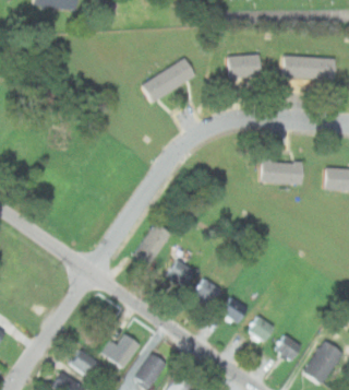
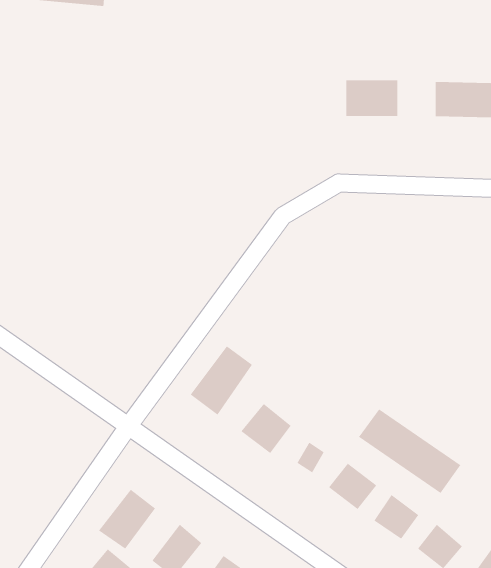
building: [141,58,196,103] -> none
building: [262,161,303,184] -> none
building: none -> [358,408,461,494]
building: none -> [98,489,156,550]

